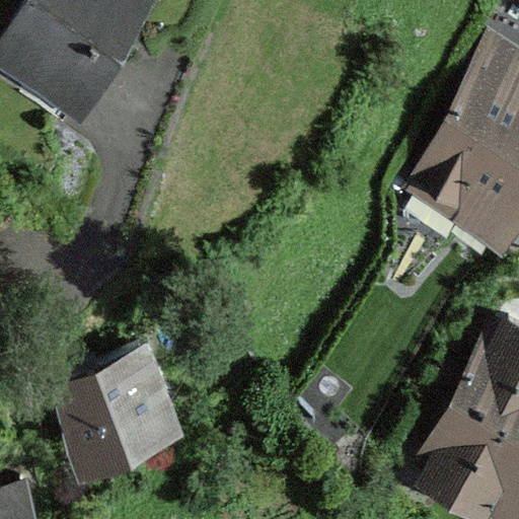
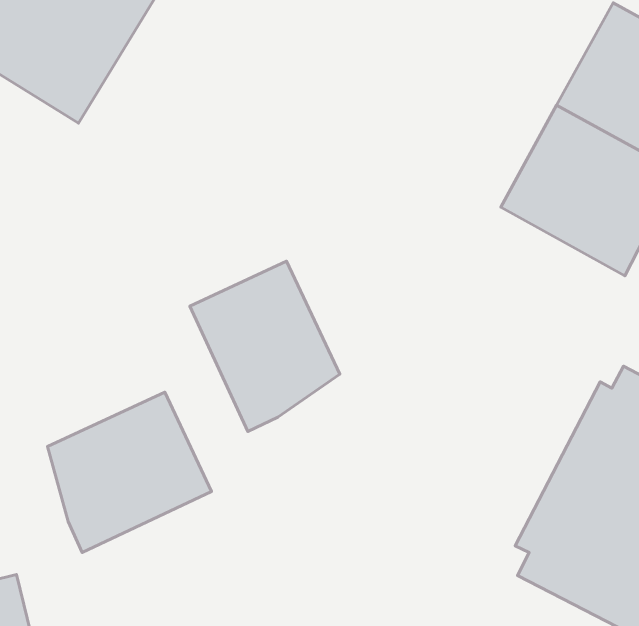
building: none -> [190,261,340,431]

